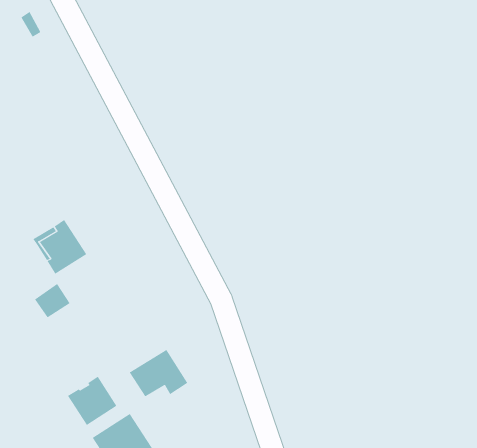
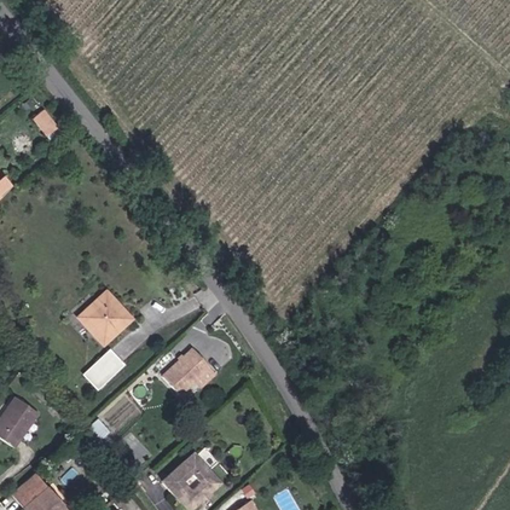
building: [129,349,188,397] -> [162,348,216,394]
building: [67,376,117,426] -> none

